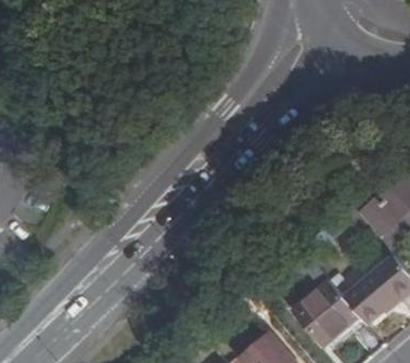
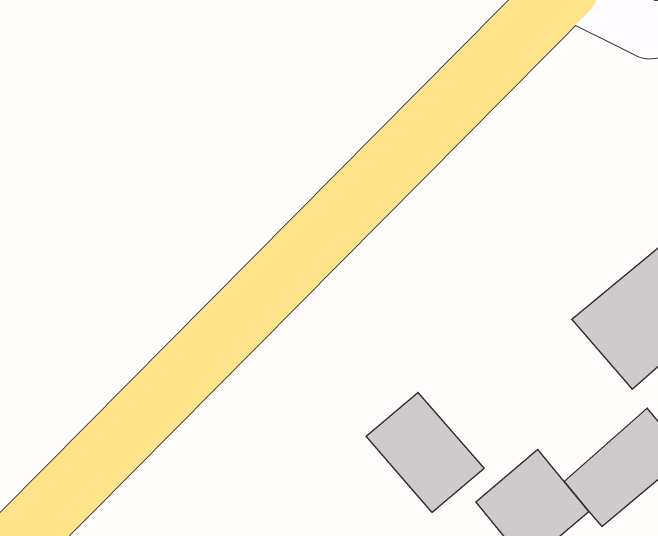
building: none -> [366,392,484,512]

